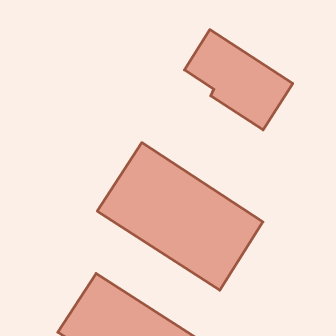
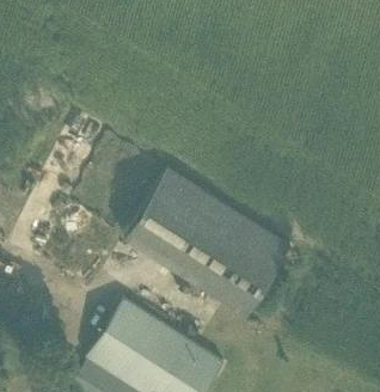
building: [184,30,293,130] -> none

